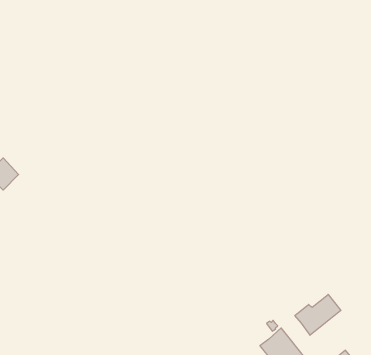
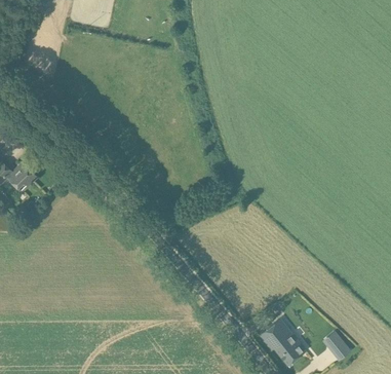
building: [295,294,341,335] -> none

